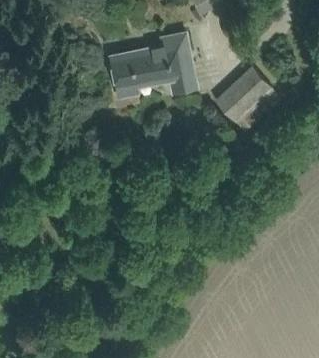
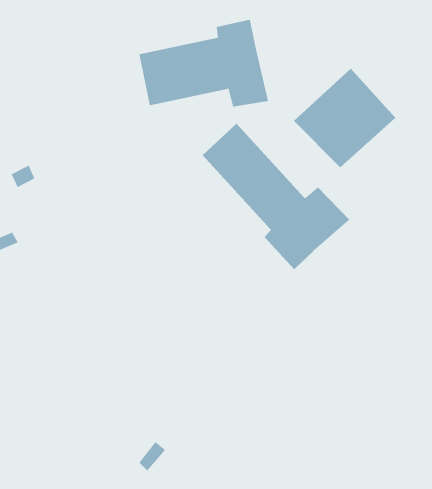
building: none -> [202,123,350,270]

